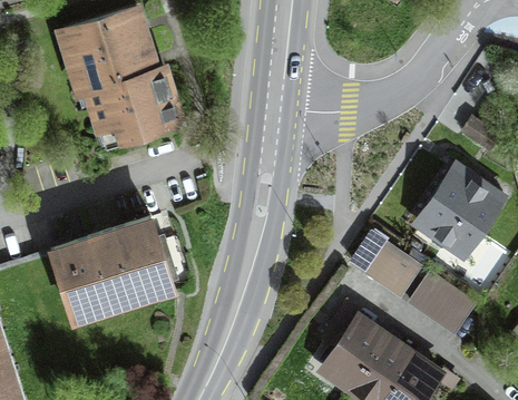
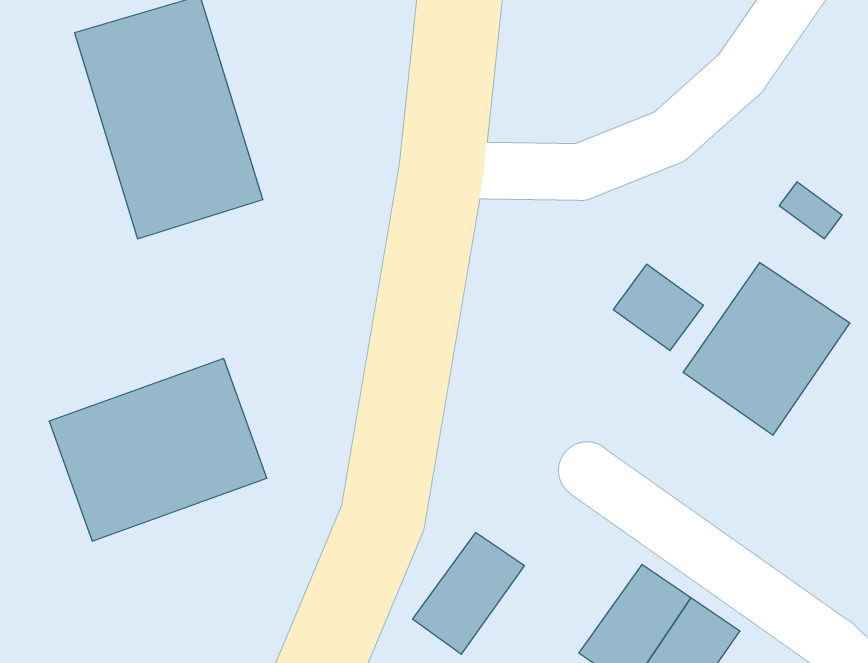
building: [366,244,418,293] -> [613,264,703,351]
building: [410,274,473,332] -> none
building: [322,315,385,384] -> [413,533,524,654]

